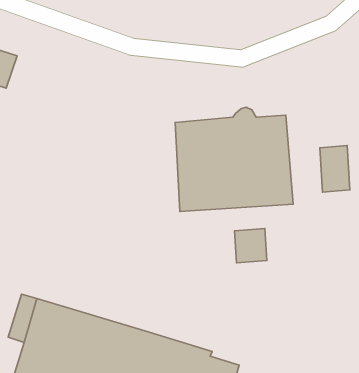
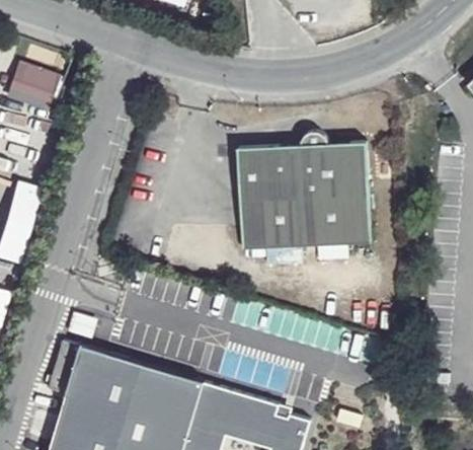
building: [320,146,350,192] -> none
building: [235,228,267,263] -> none

